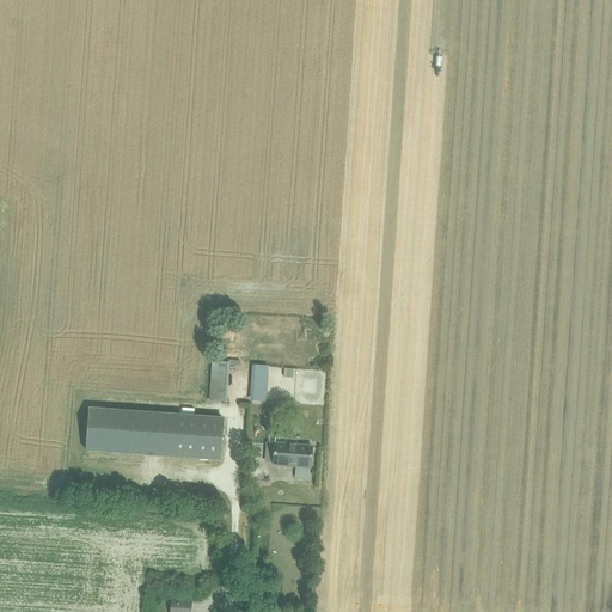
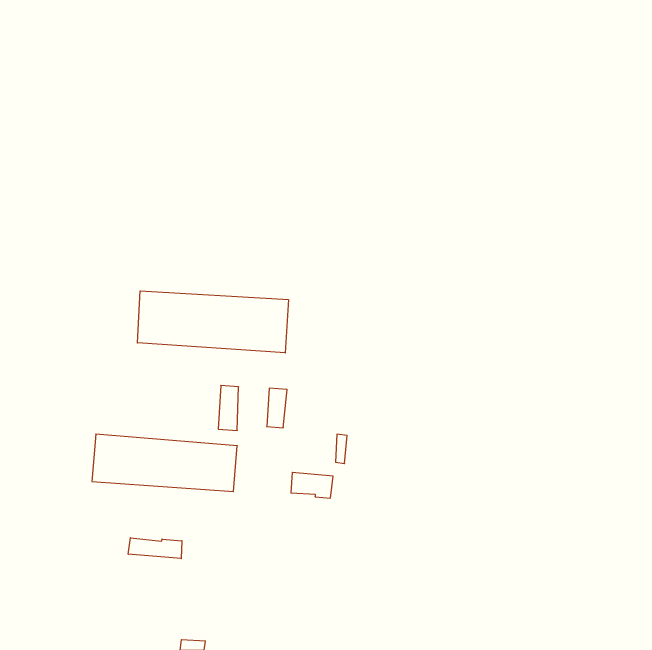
building: none -> [137,291,288,353]
building: none -> [128,538,182,559]

